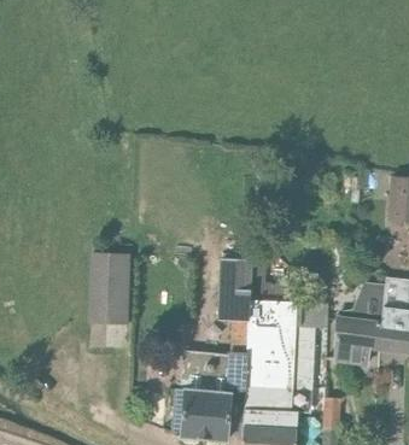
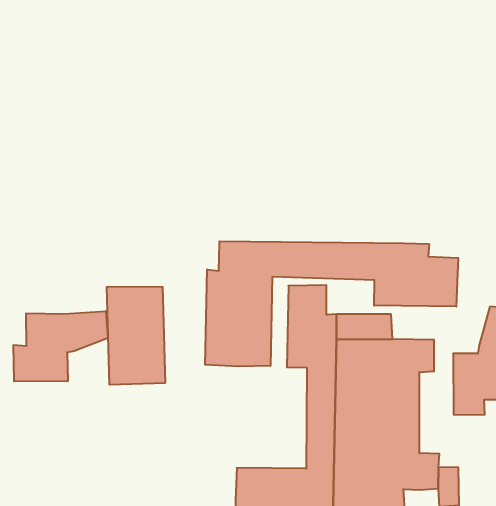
building: none -> [205,241,458,366]
building: none -> [14,311,108,381]

